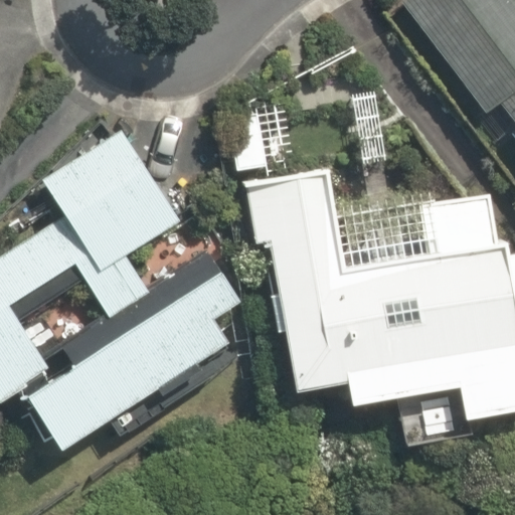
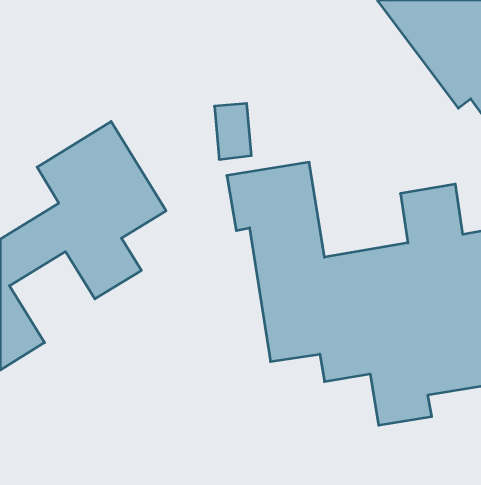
building: [26,271,241,449] -> none

